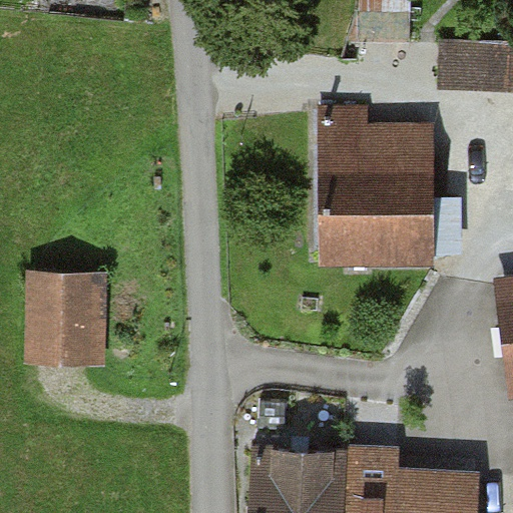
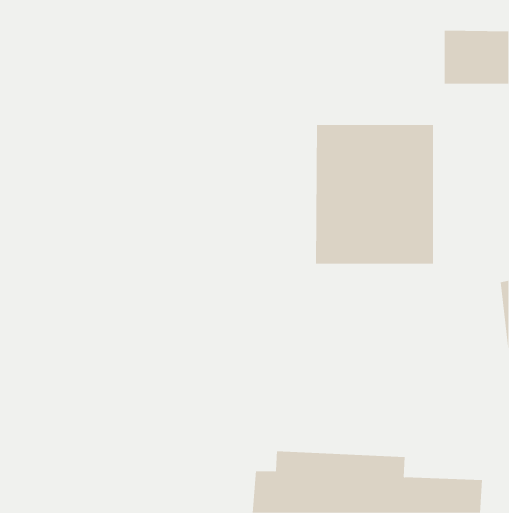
building: [27,273,106,367] -> none

